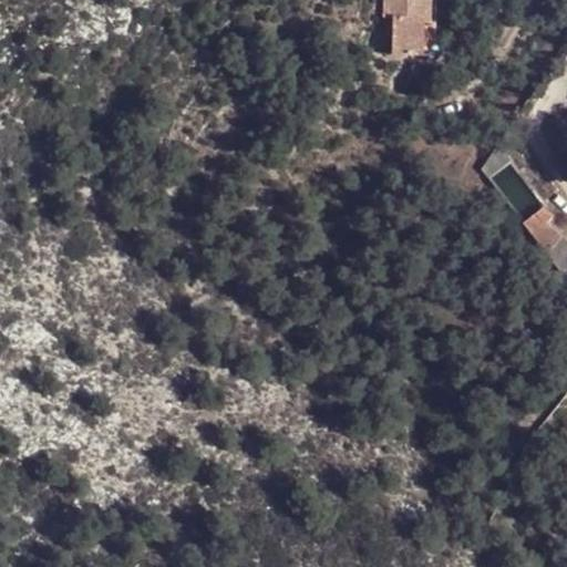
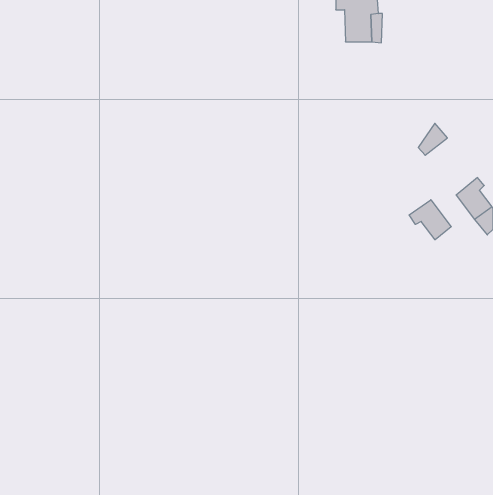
building: none -> [409,200,451,240]

